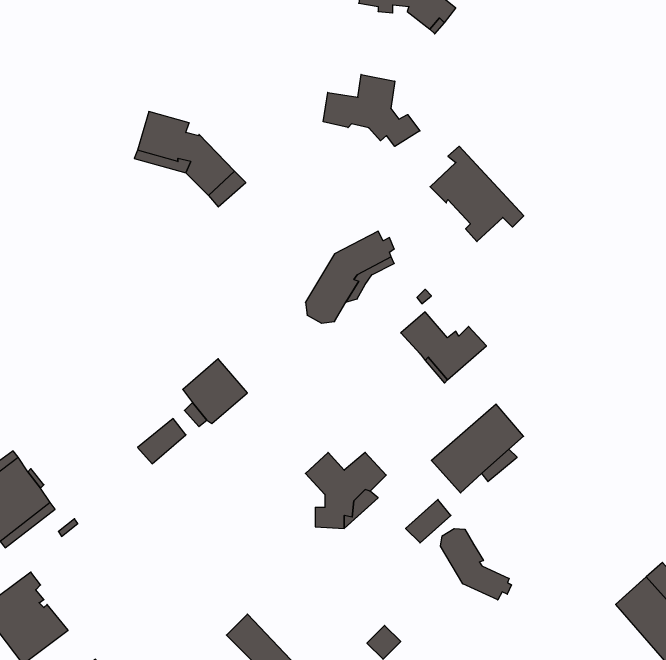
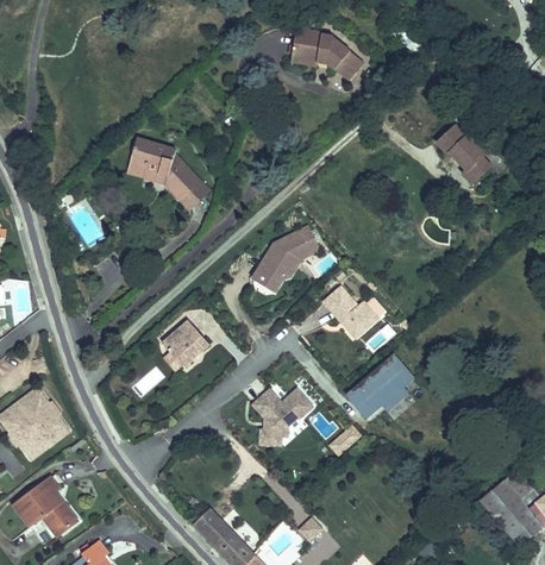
building: [323,74,420,146] -> none
building: [430,146,524,242] -> [437,113,506,183]
building: [441,529,511,600] -> none

